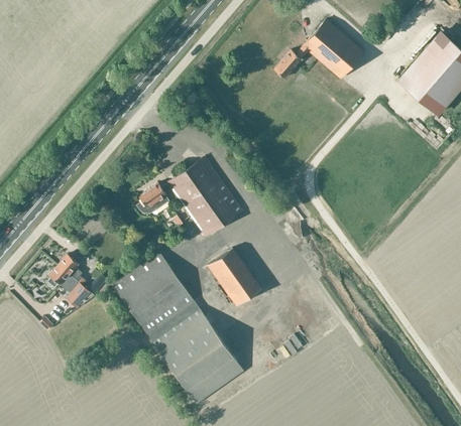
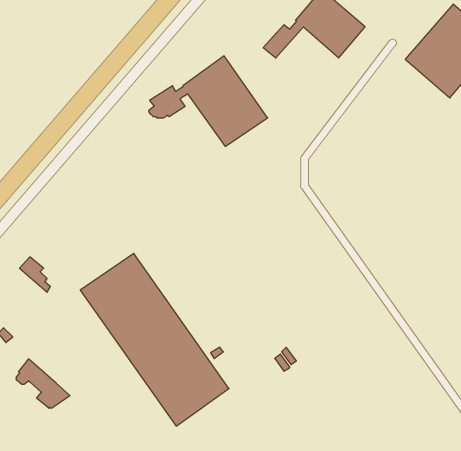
building: [137,157,242,237] -> [149,56,268,146]
building: [207,248,261,306] -> none
building: [47,265,95,308] -> [16,359,70,408]

